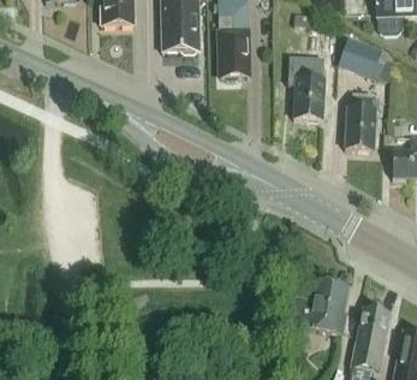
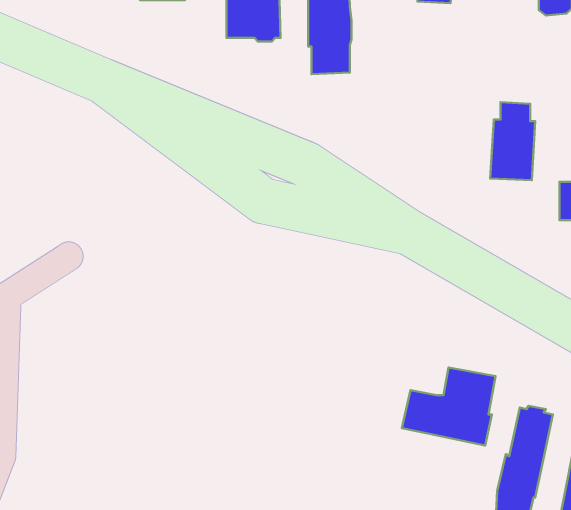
building: [339,37,381,77] -> none
building: [294,65,324,119] -> none

